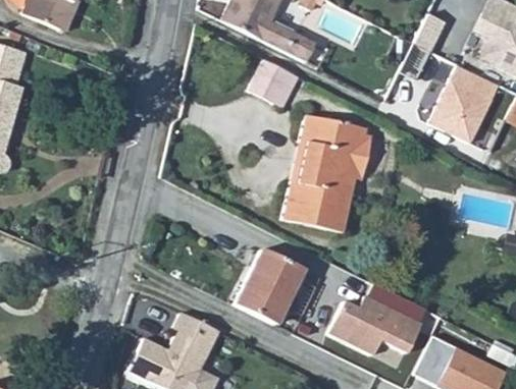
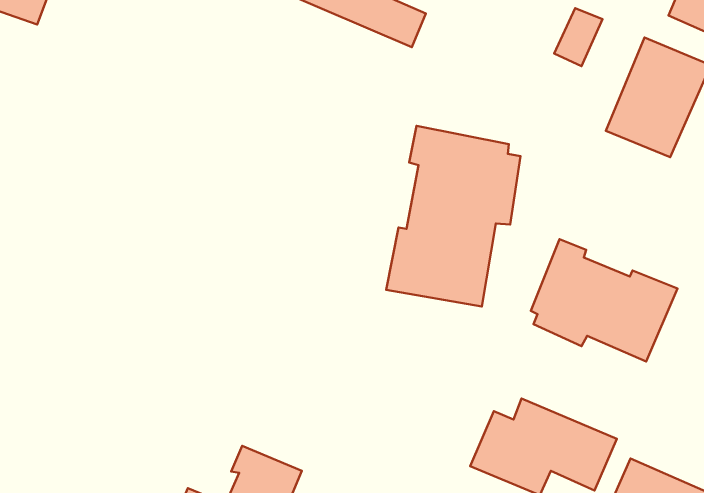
building: [242,54,293,103] -> none
building: none -> [531,239,677,361]
building: [234,246,304,324] -> none

